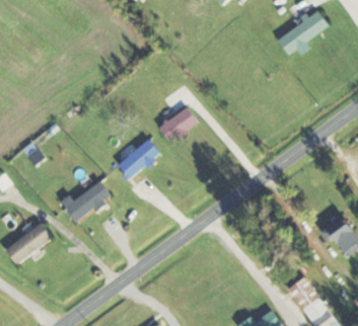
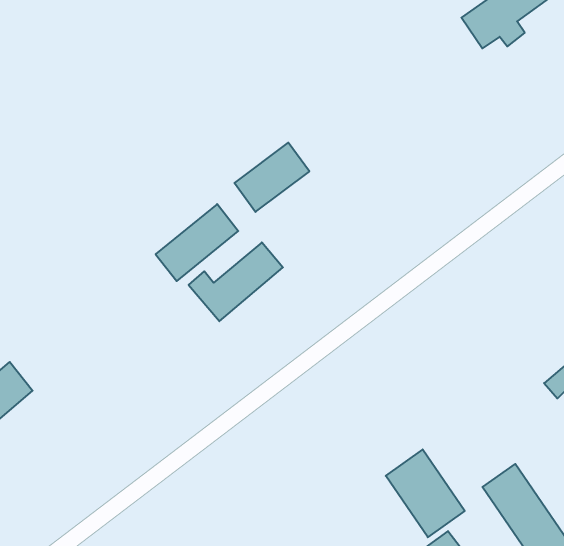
building: [61,179,111,221] -> [189,242,283,321]
building: none -> [386,449,465,537]

